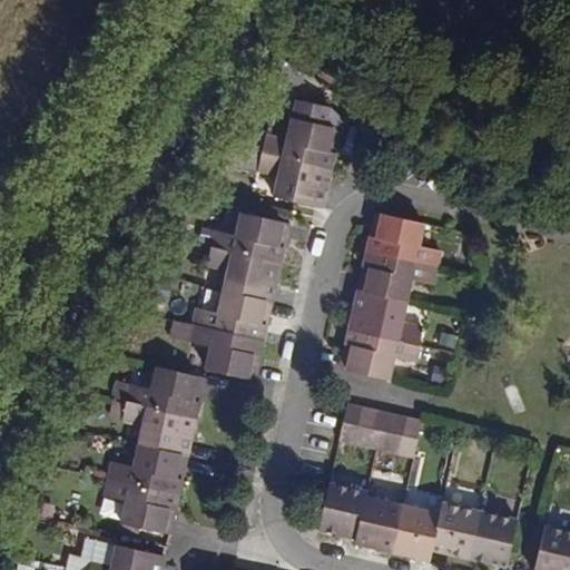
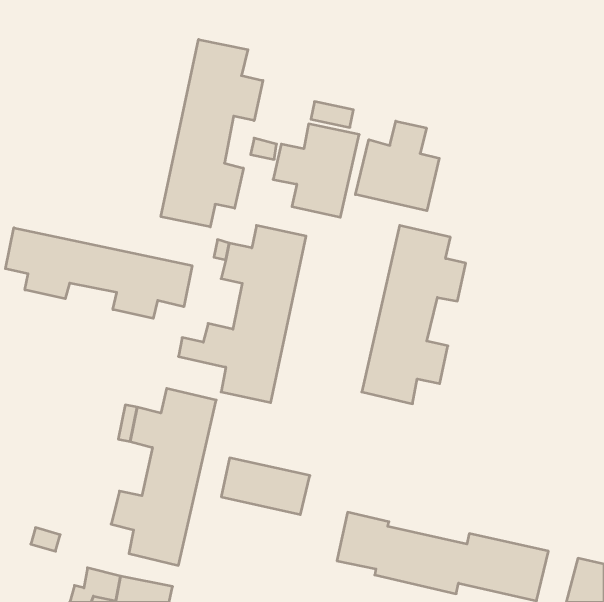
building: none -> [161,39,263,227]
building: none -> [355,121,439,211]
building: none -> [5,228,192,318]
building: [338,403,422,456] -> [221,458,310,515]

